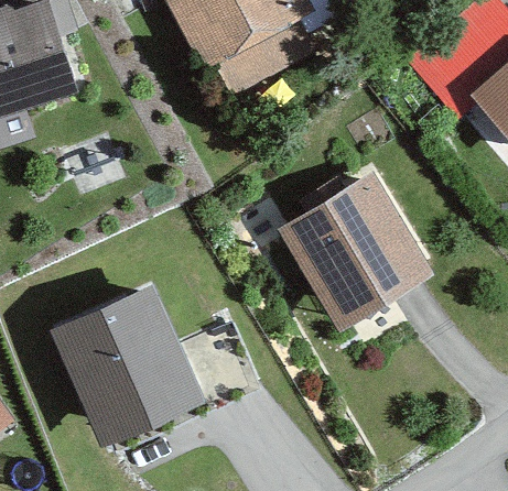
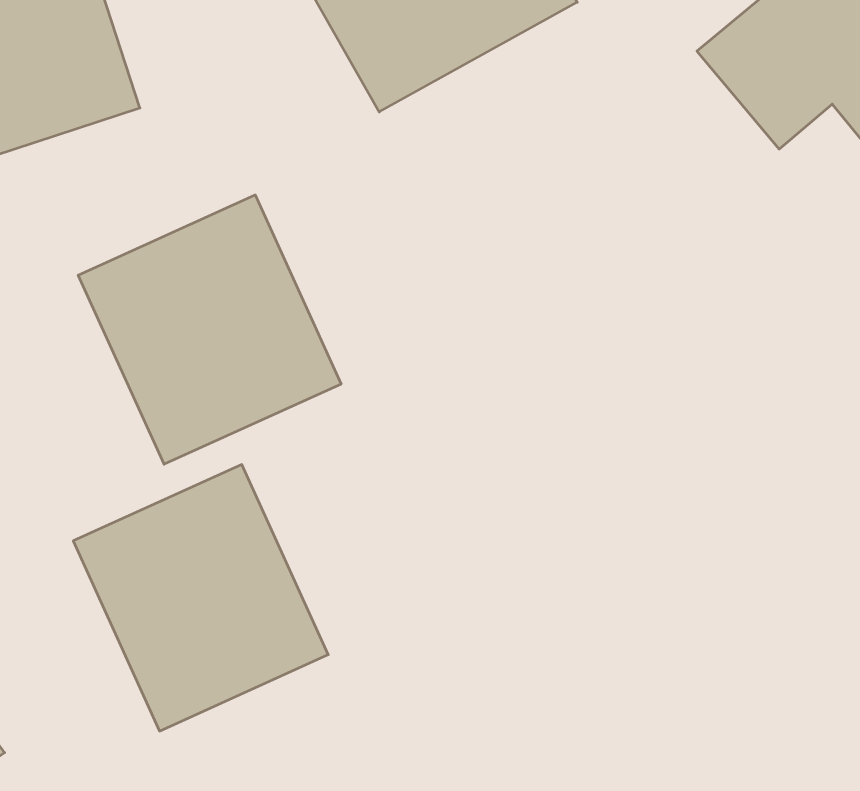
building: none -> [78,195,341,464]
building: [283,171,435,325] -> none

